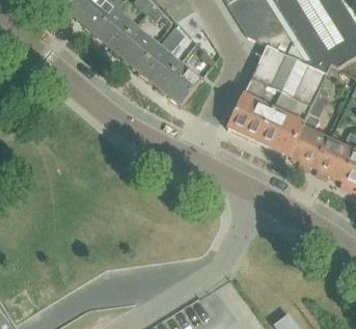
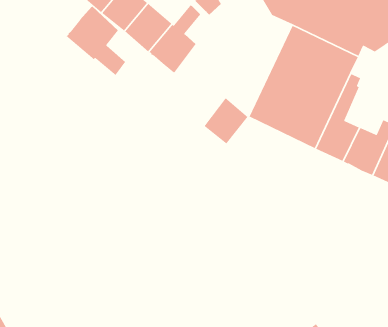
building: none -> [65,6,126,76]
building: [160,61,200,104] -> [203,97,248,145]

